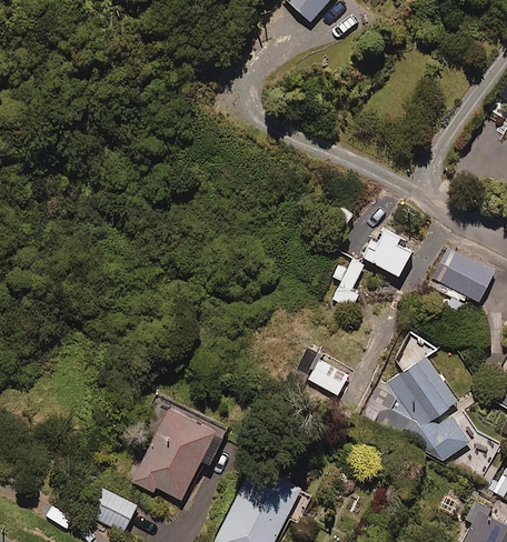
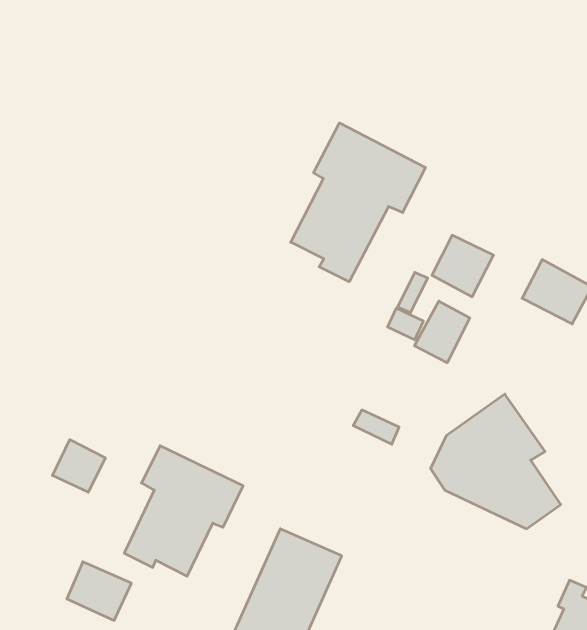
building: none -> [291,123,425,282]
building: none -> [415,301,470,363]
building: none -> [52,440,105,492]

